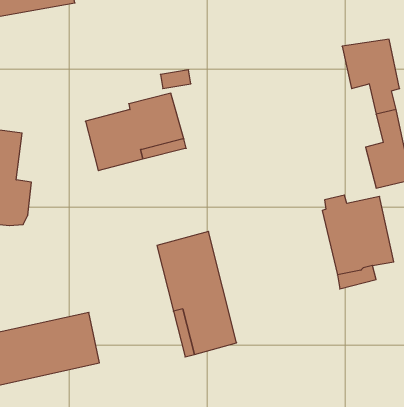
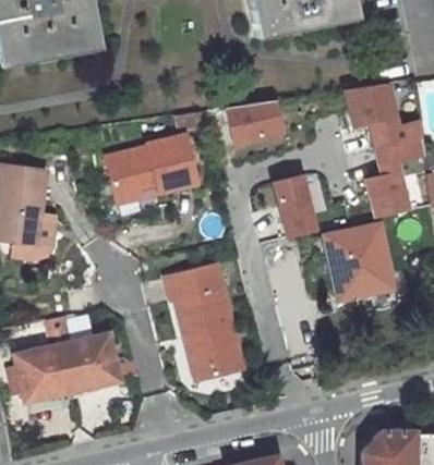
building: none -> [224,99,282,143]
building: none -> [276,178,315,240]

